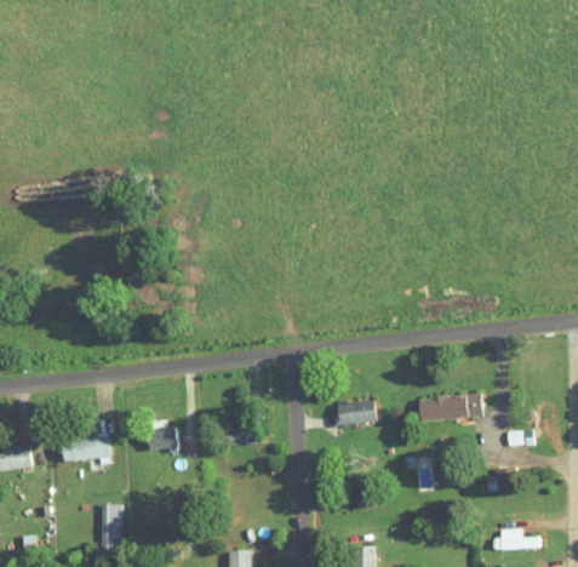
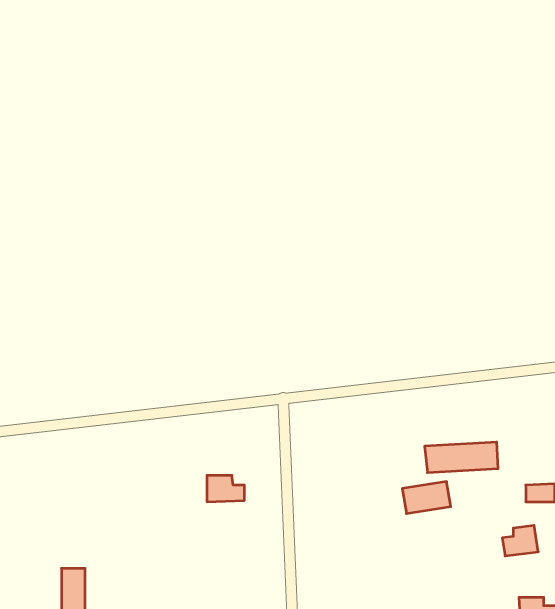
building: [334,399,377,426] -> [402,482,451,514]
building: [147,424,178,449] -> none
building: [61,434,110,462] -> none

